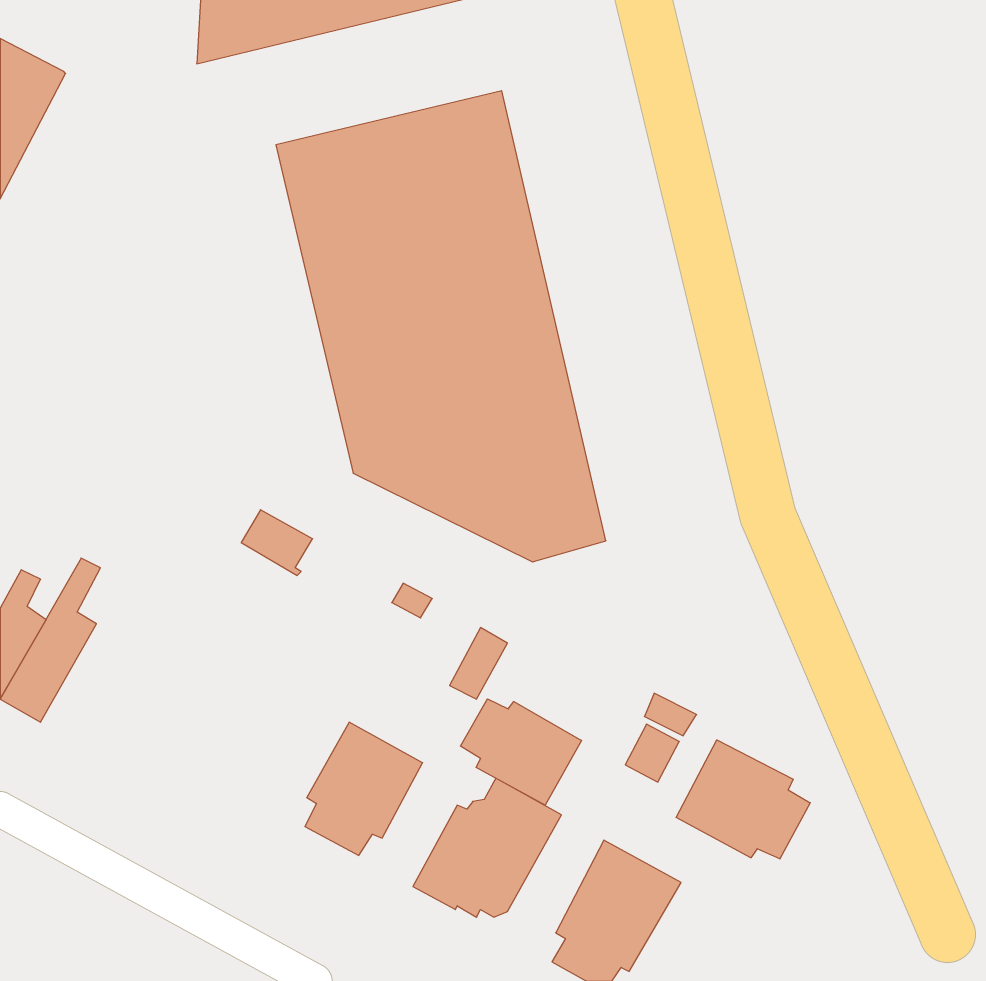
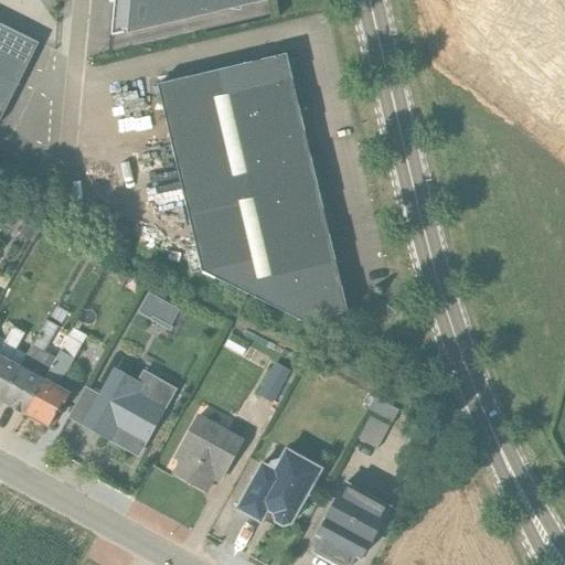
building: none -> [23,327,86,425]
building: none -> [67,366,177,455]
building: [460,699,582,805] -> none
building: [676,740,810,859] -> none

